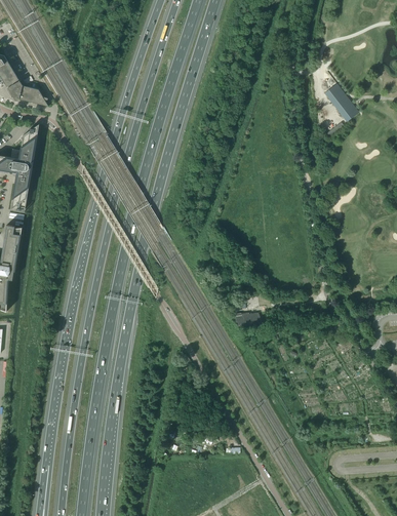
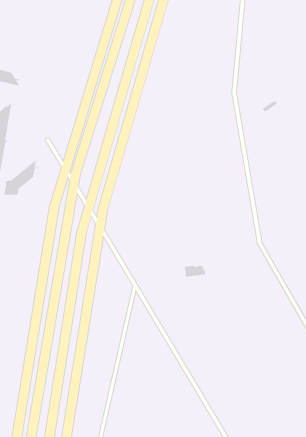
building: [323,83,358,121] -> none
building: none -> [4,159,40,196]

